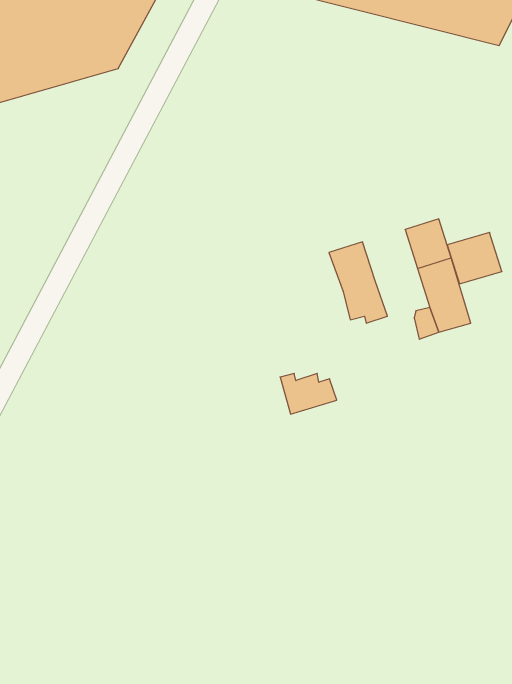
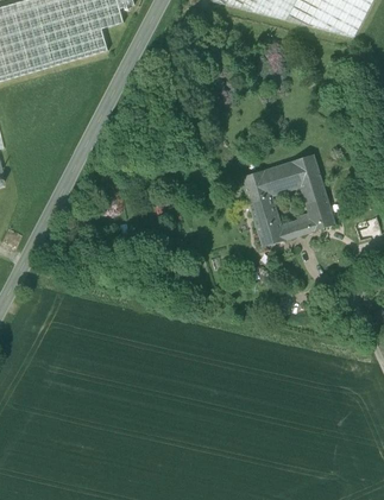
building: [447,232,502,284] -> [263,160,300,195]
building: [280,373,337,414] -> [254,219,292,246]

